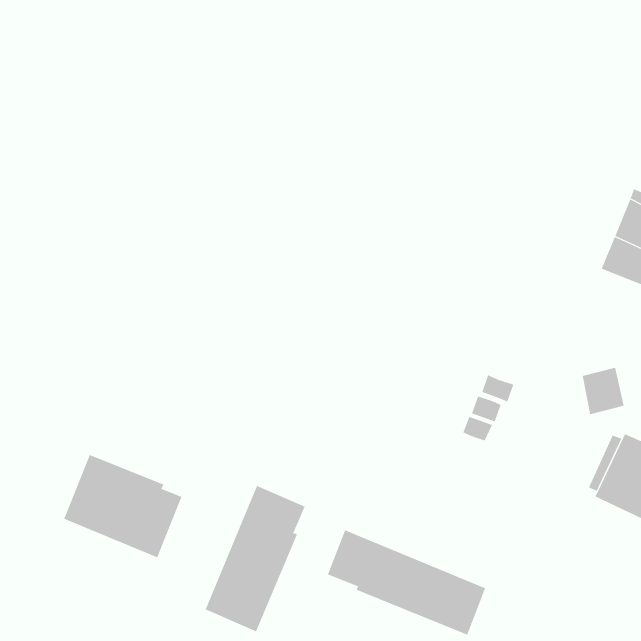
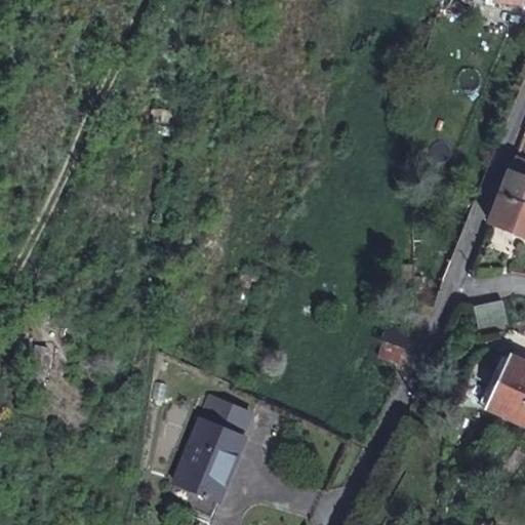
building: [64,454,182,558] -> none
building: [327,530,486,636] -> none

